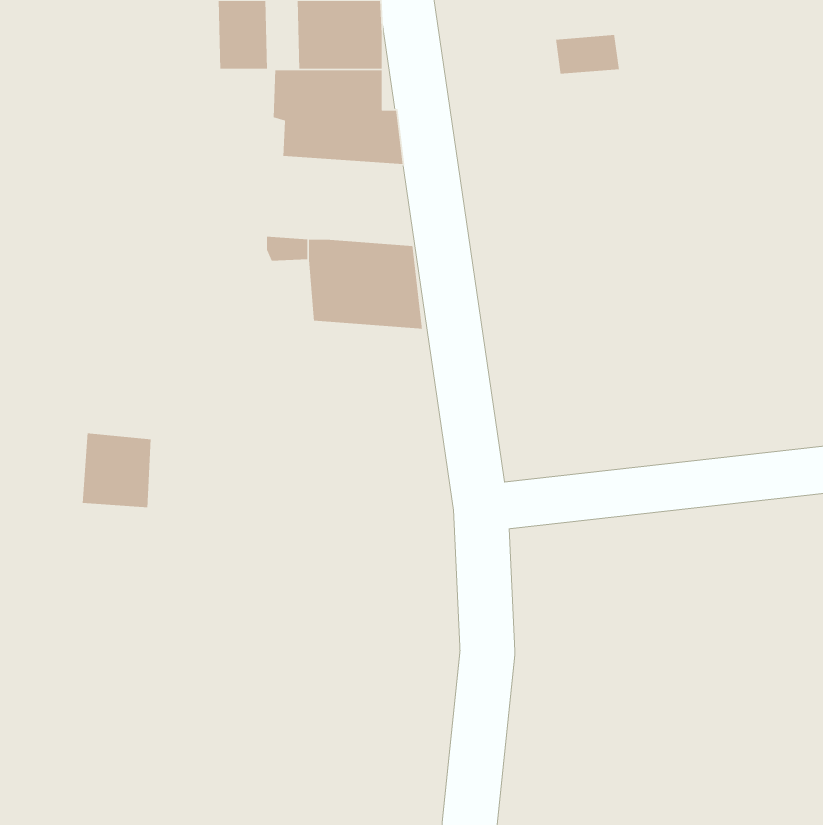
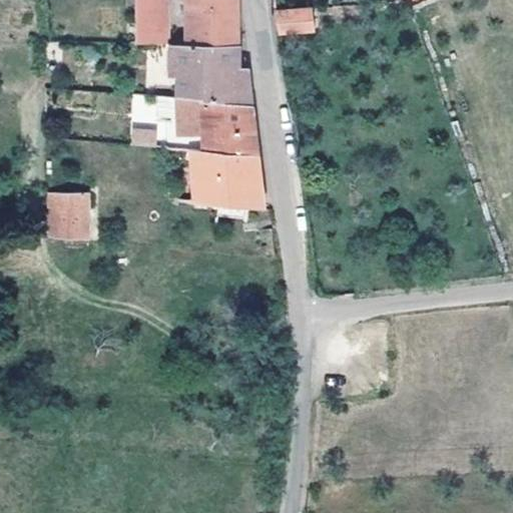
building: [555,34,620,75] -> [276,8,316,33]
building: none -> [156,95,258,152]
building: [82,432,151,508] -> [49,192,92,239]

